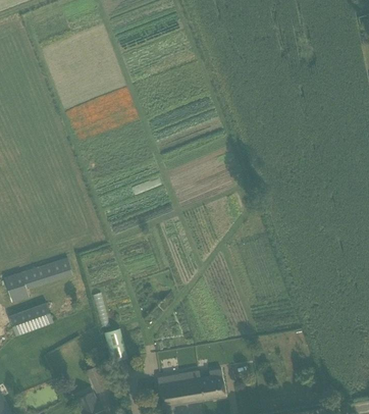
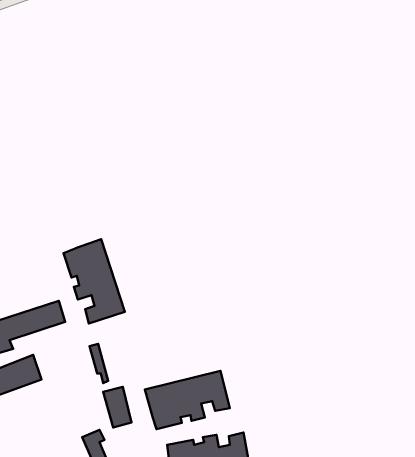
building: none -> [64,239,125,324]
building: none -> [145,371,230,429]

